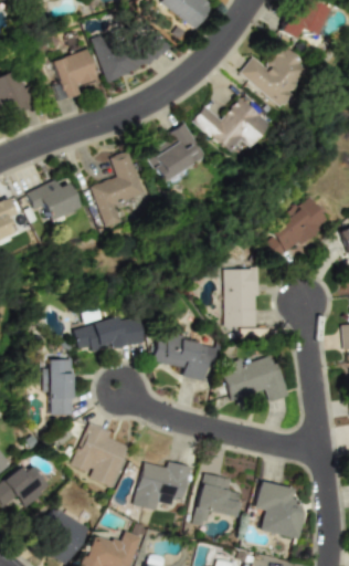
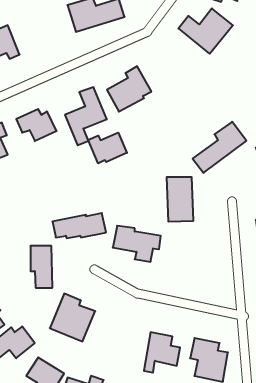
building: [52,50,97,98] -> none
building: [191,97,271,153] -> none
building: none -> [88,133,127,163]
building: [221,355,287,401] -> none
building: [135,462,191,510] -> none

